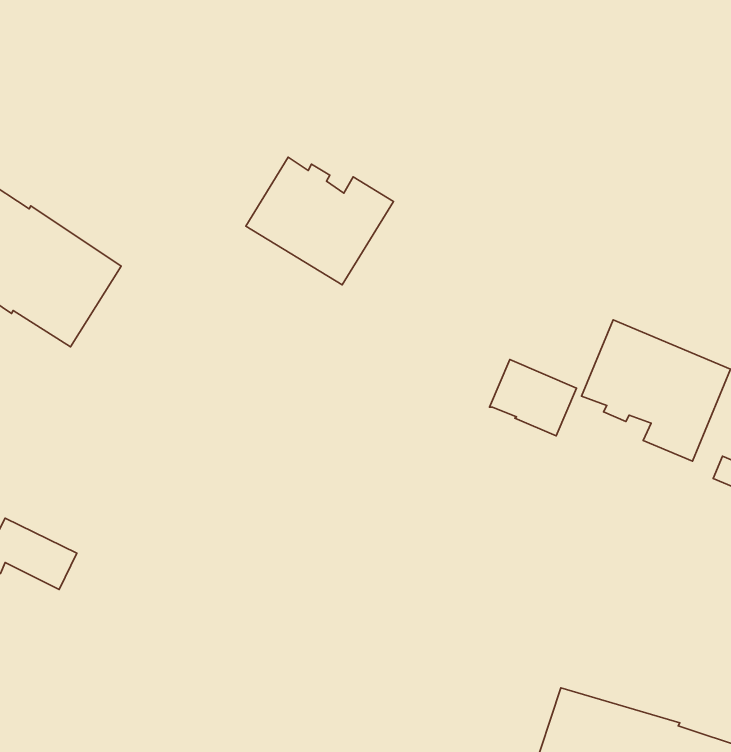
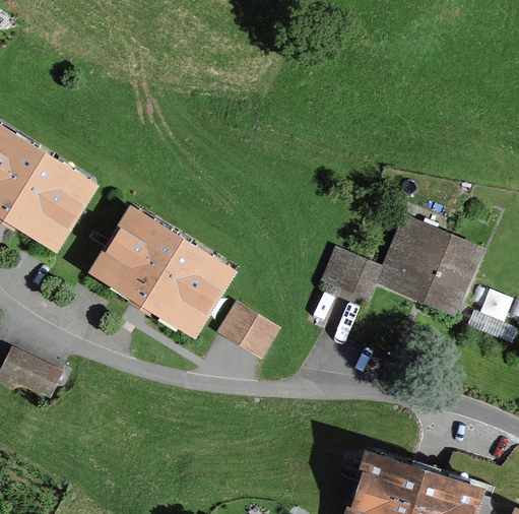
building: [246,157,394,285] -> none
building: none -> [101,215,226,325]
building: none -> [221,305,276,355]

